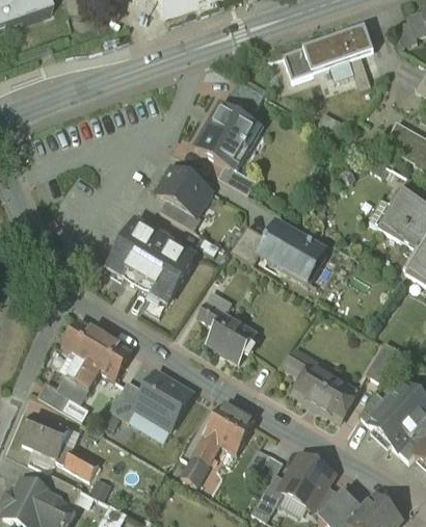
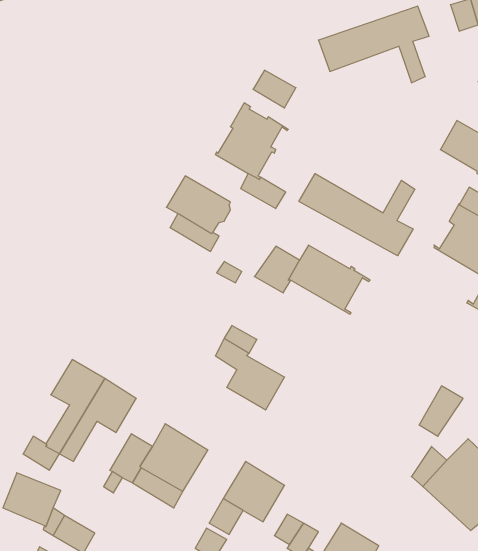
building: none -> [299,174,415,256]
building: [108,221,194,302] -> none
building: [286,350,357,420] -> none

